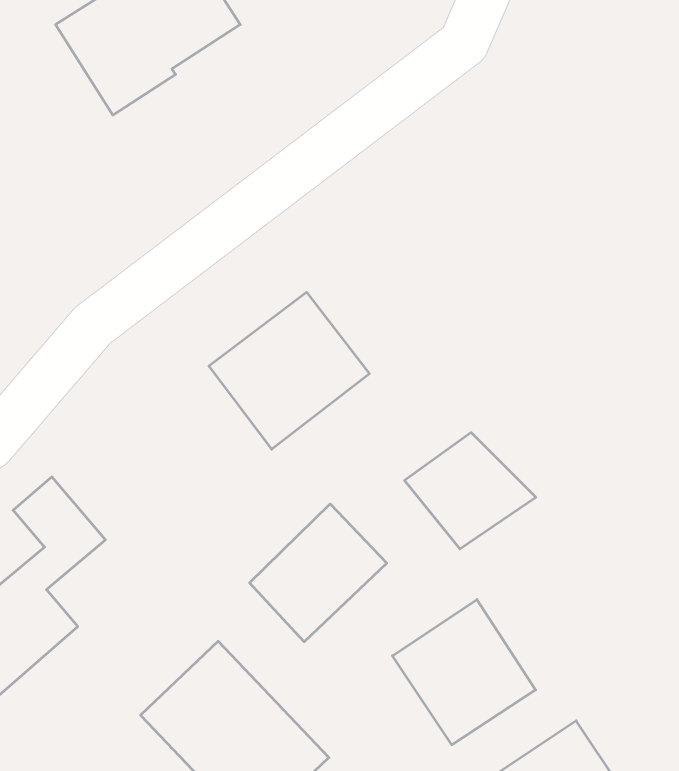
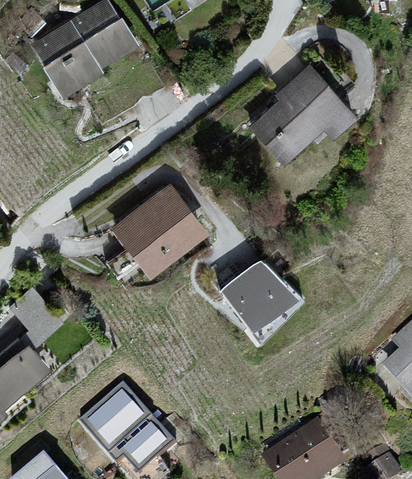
building: none -> [252,69,354,163]
building: [250,504,387,642] -> none
building: [392,599,536,745] -> none

